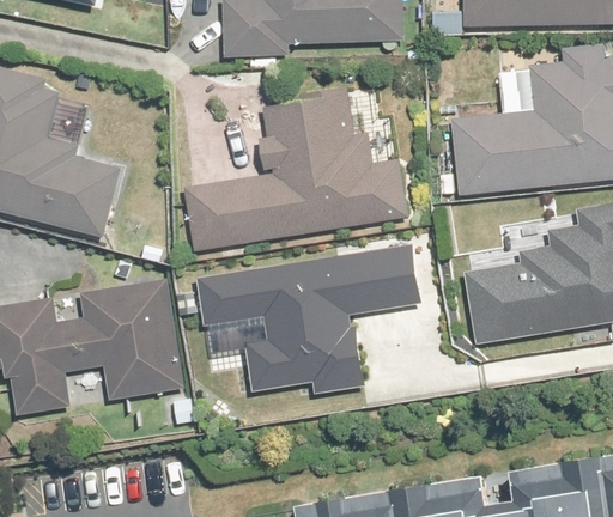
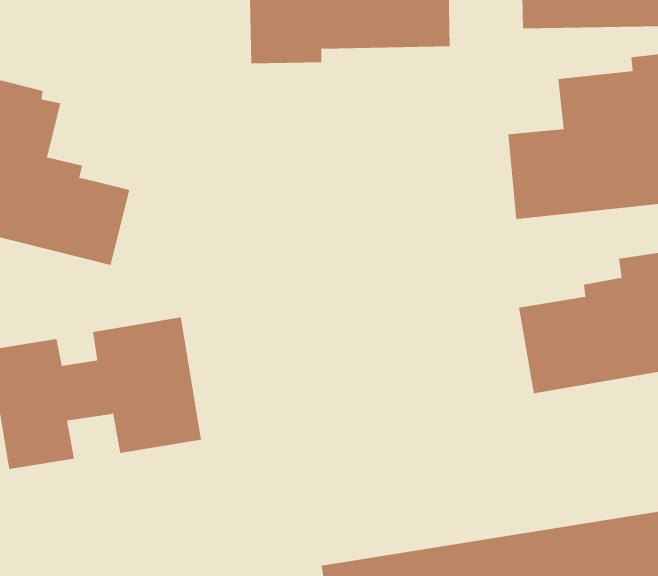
building: [187,87,407,251] -> none
building: [195,245,423,395] -> none

